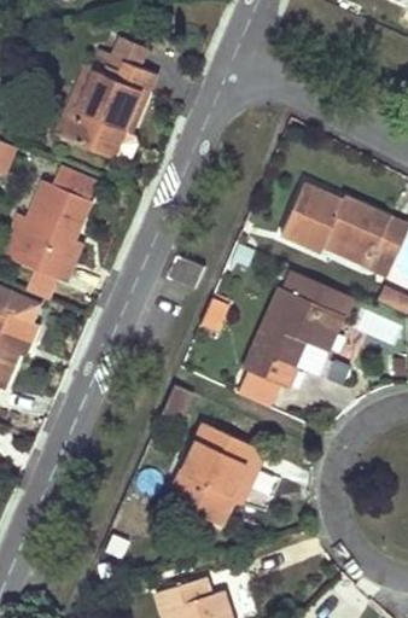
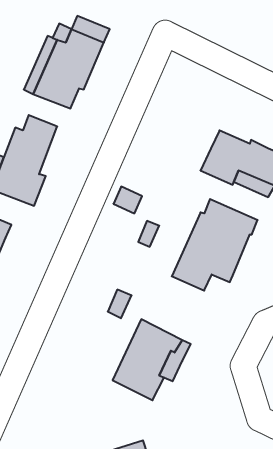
building: [233,368,284,409] -> none

